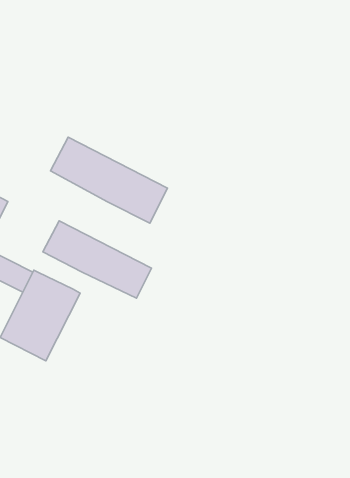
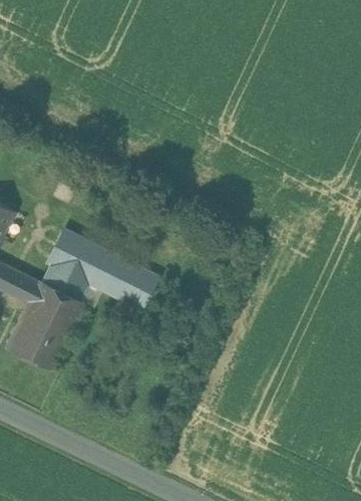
building: [51,137,168,223] -> none
building: none -> [44,264,88,299]

